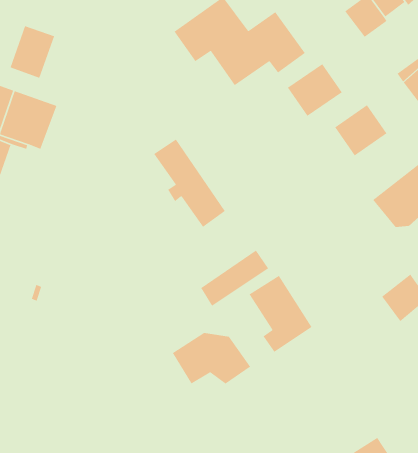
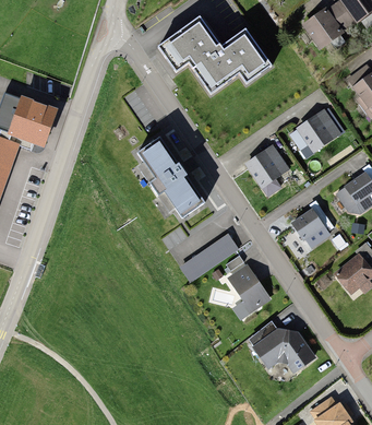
building: [10,25,55,79] -> none
building: [287,63,343,117] -> [243,143,291,189]
building: none -> [288,199,335,238]
building: [172,332,251,385] -> [248,327,315,371]

